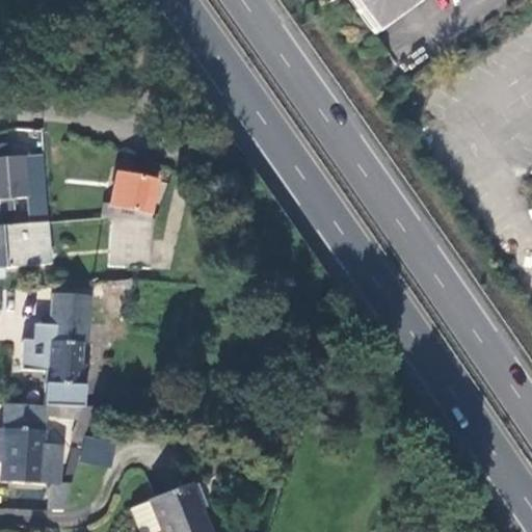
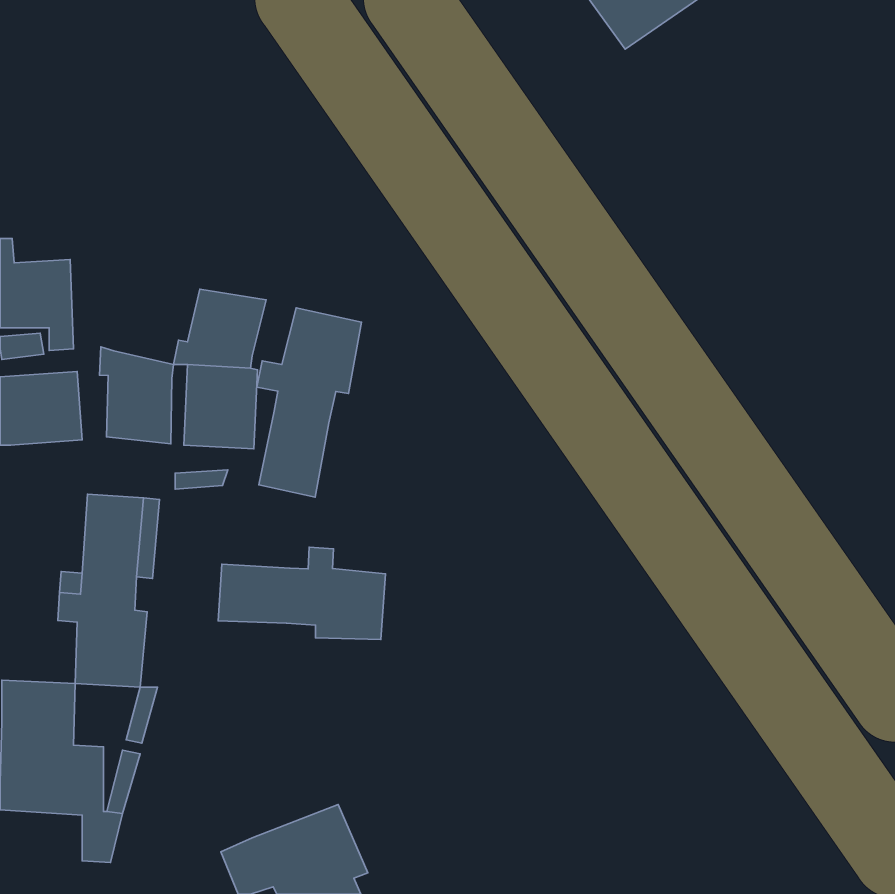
building: none -> [257,308,361,497]
building: none -> [100,347,173,444]
building: none -> [218,547,385,640]

